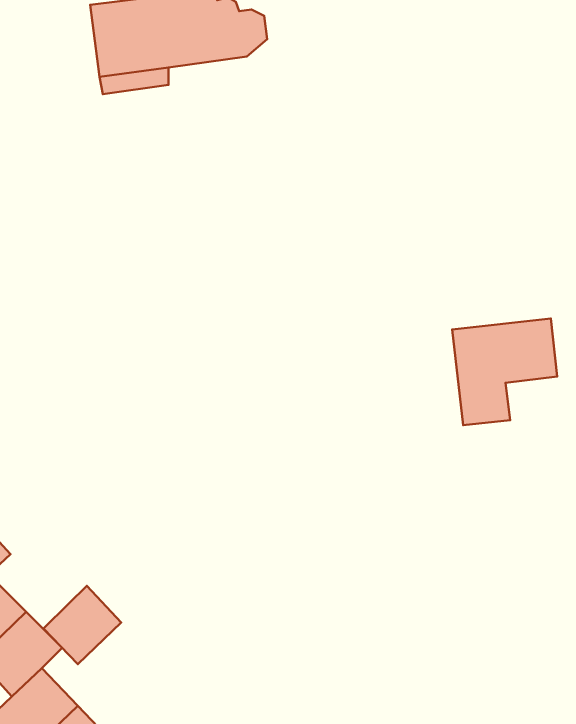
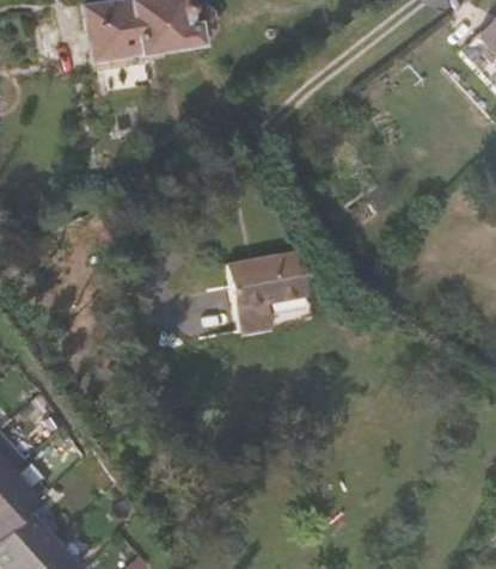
building: [452,319,557,425] -> [225,255,305,336]
building: [43,586,121,664] -> none

